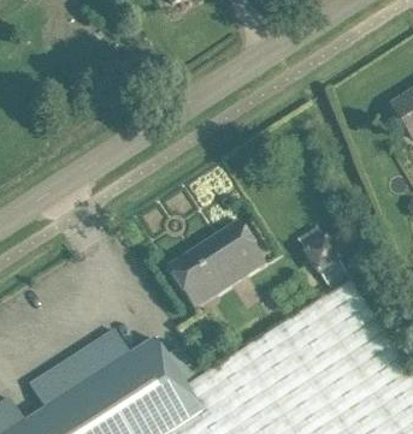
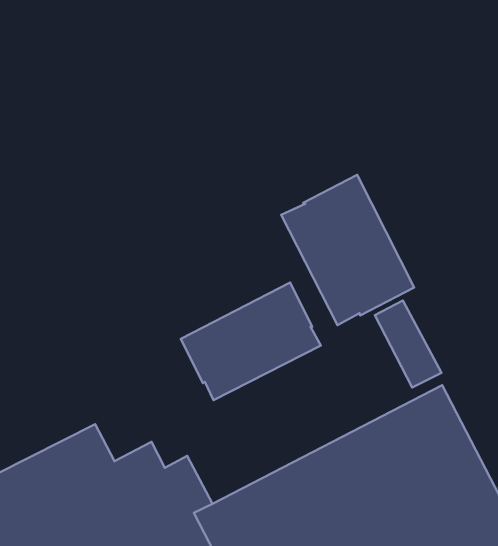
building: none -> [281,175,414,325]

